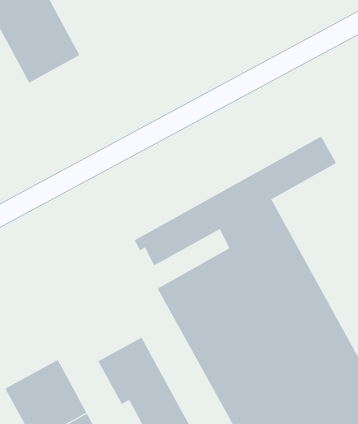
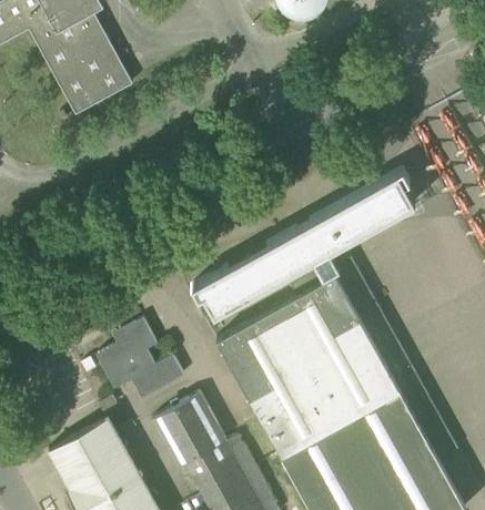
building: none -> [97,319,184,400]

